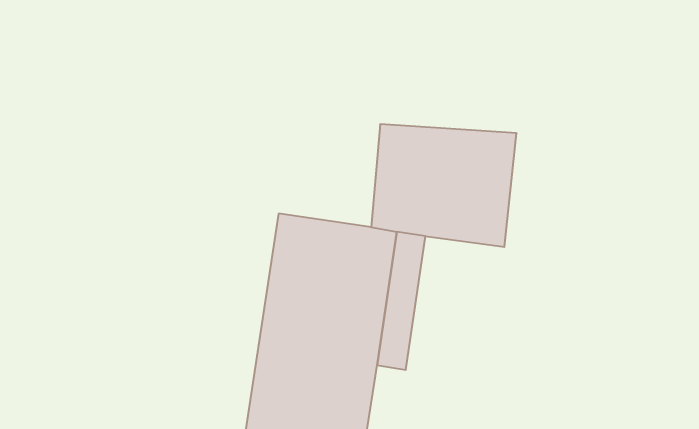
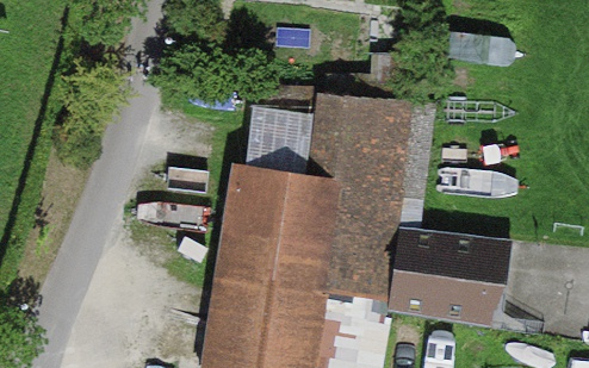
building: none -> [380,225,489,324]

